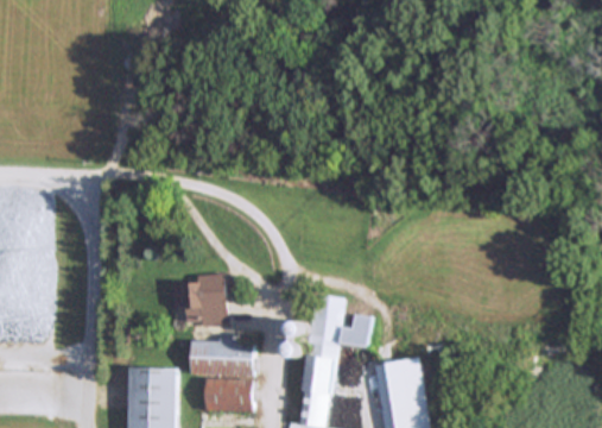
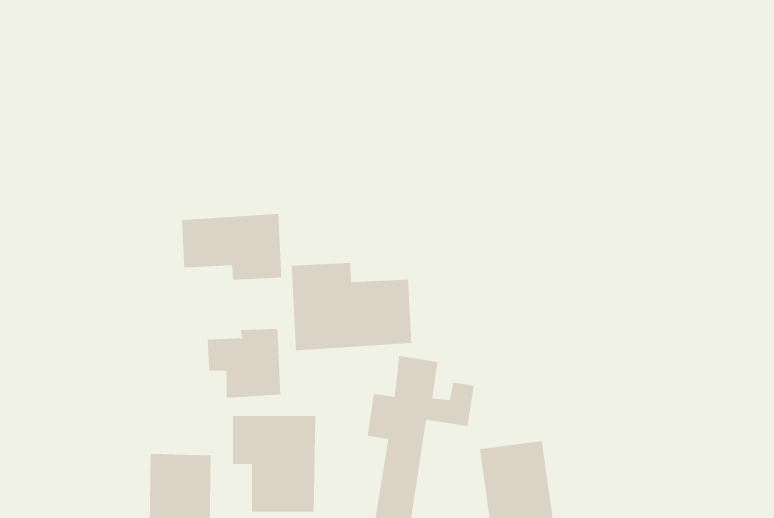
building: none -> [182,213,282,281]
building: none -> [291,262,412,351]

